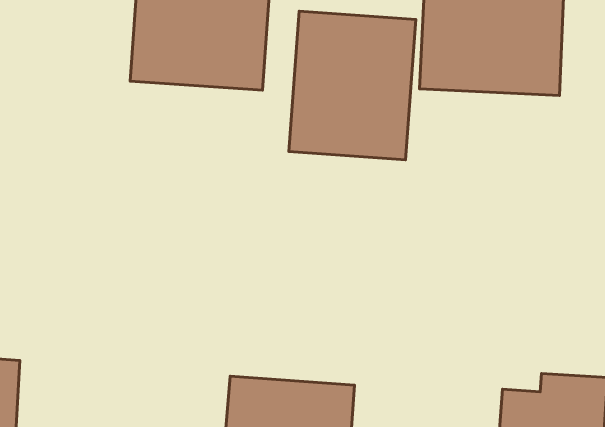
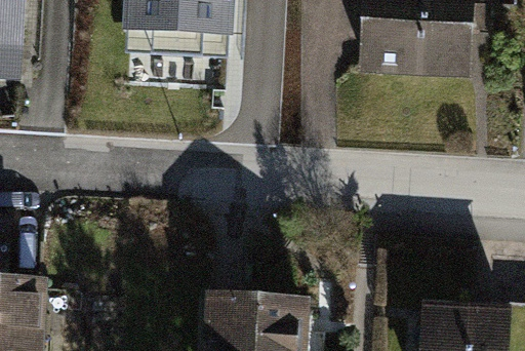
building: [289,11,416,160] -> none

